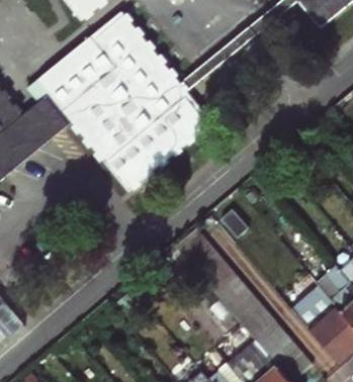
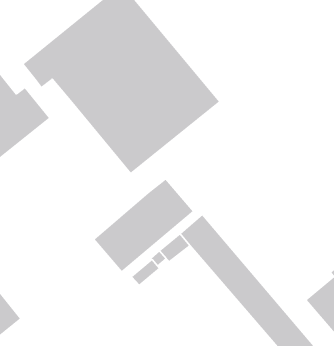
building: [28,101,71,137] -> none
building: none -> [94,179,194,272]

